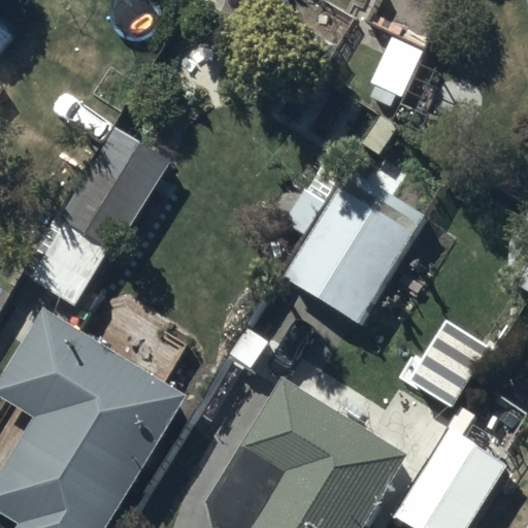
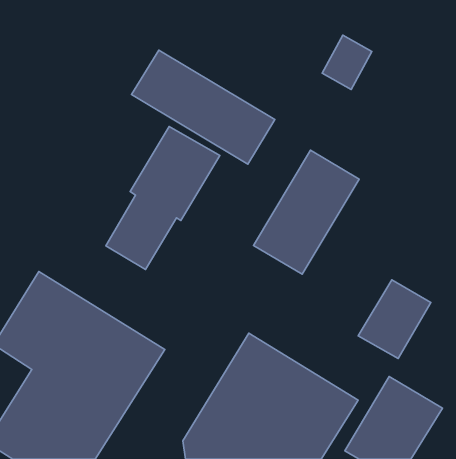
building: none -> [132,50,275,164]
building: [30,144,160,307] -> [106,126,220,269]

